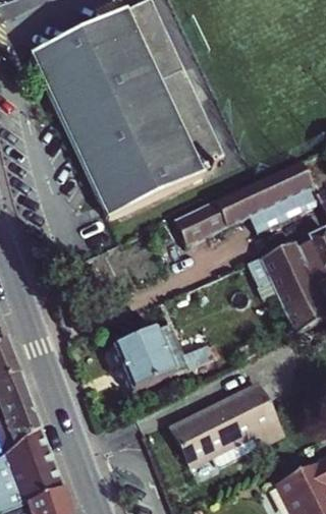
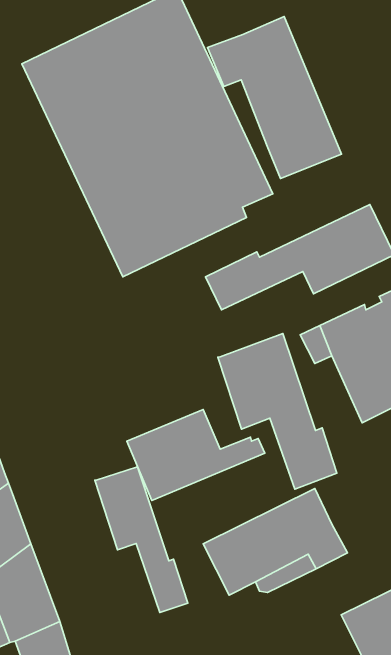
building: none -> [208,17,342,179]
building: none -> [218,333,337,489]
building: none -> [95,467,188,612]

